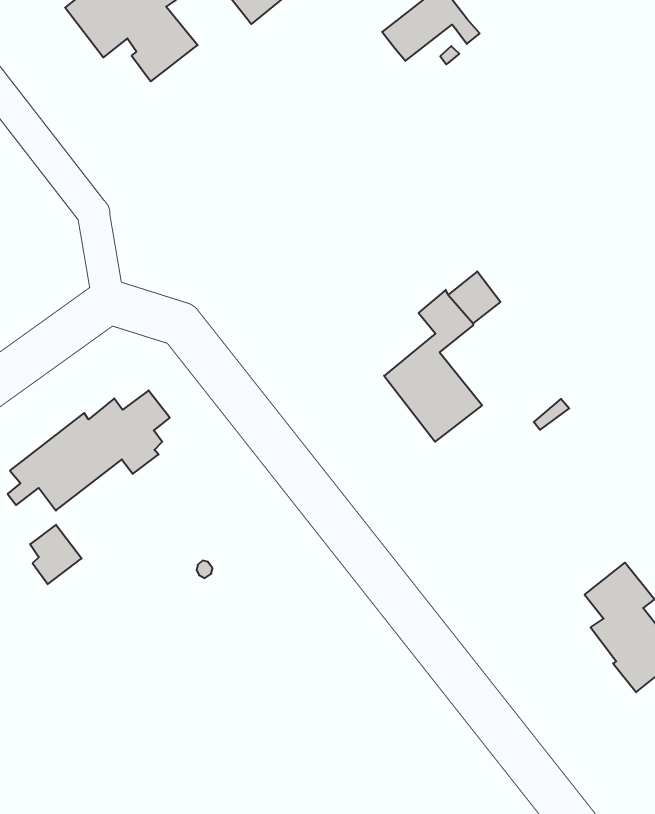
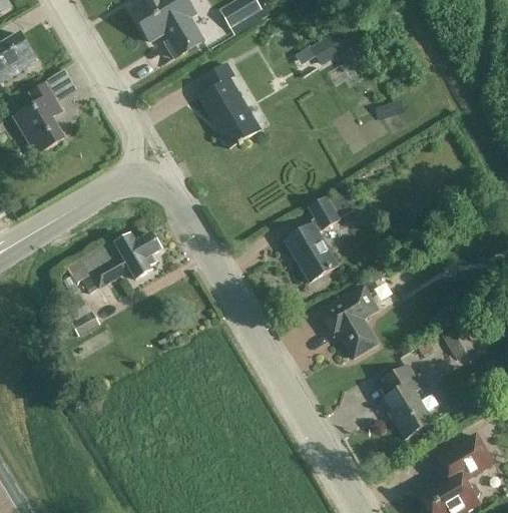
building: none -> [198,62,261,147]
building: none -> [320,286,378,358]

